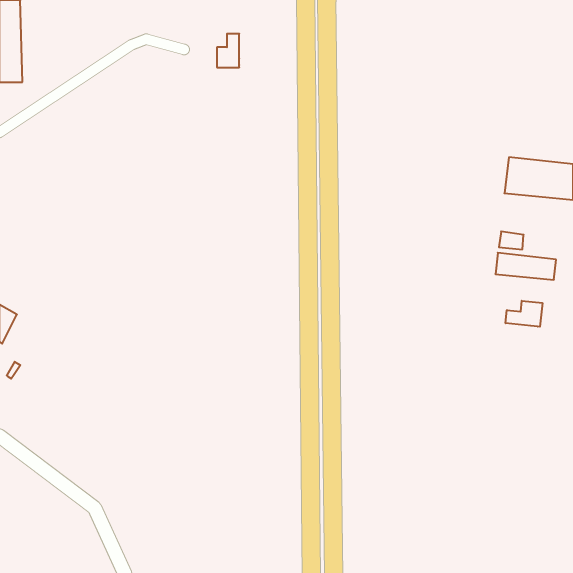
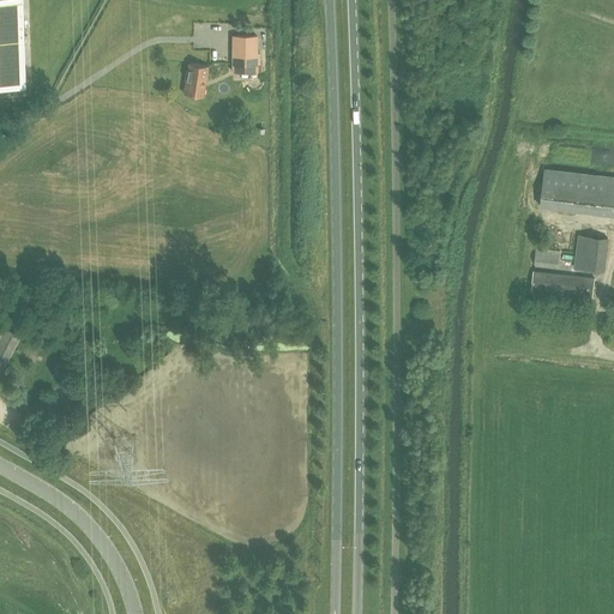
building: none -> [182,64,206,97]
building: none -> [573,235,607,272]
building: [506,301,542,327] -> none

